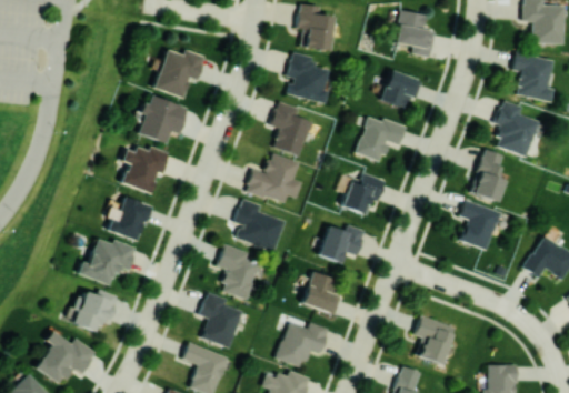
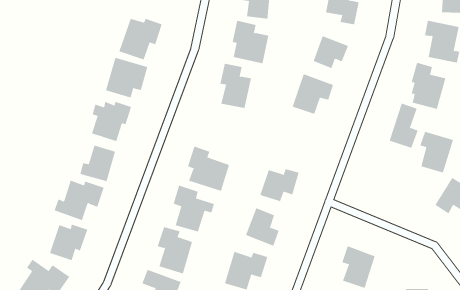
building: [247,154,301,203] -> none
building: [343,174,385,214] -> none
building: [460,201,500,250] -> [420,131,454,173]

